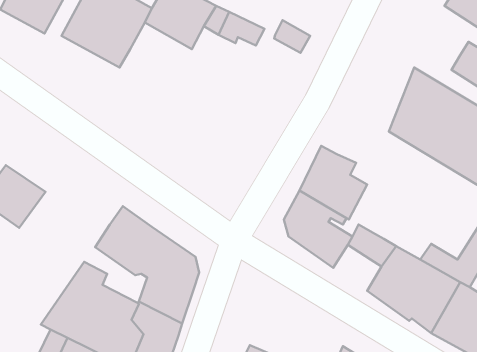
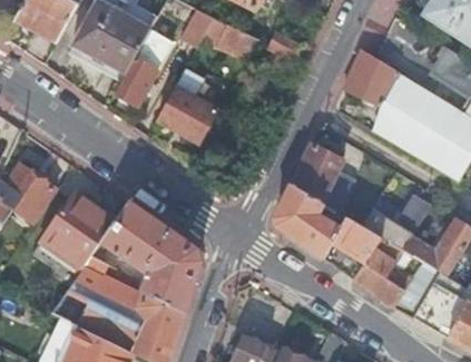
building: none -> [343,52,396,110]
building: none -> [114,57,156,106]
building: none -> [157,65,217,141]
building: none -> [42,190,116,264]
building: none -> [369,195,431,251]

